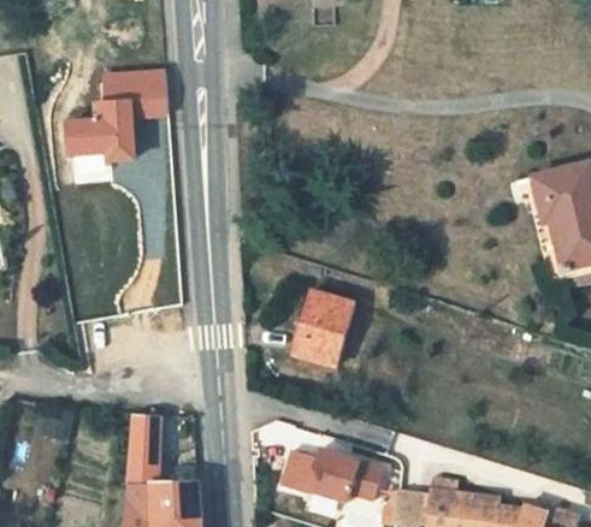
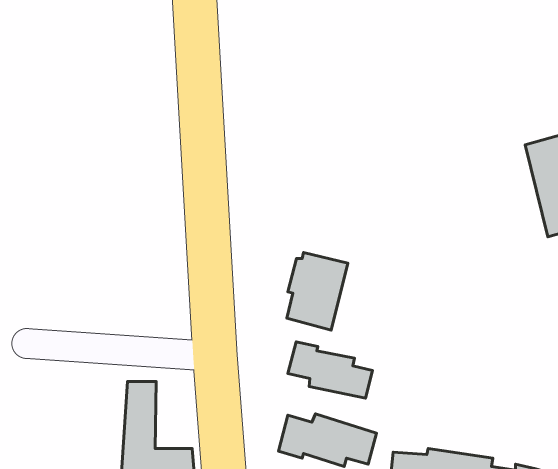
building: [65,72,162,160] -> none
building: none -> [288,342,372,398]

